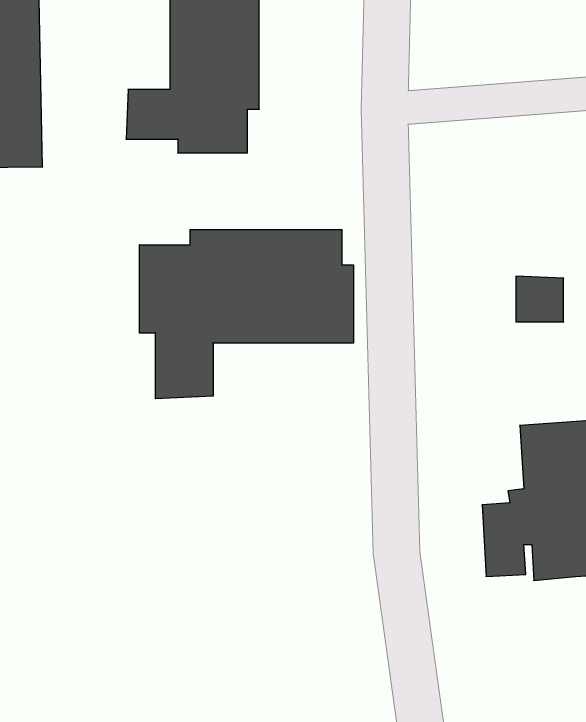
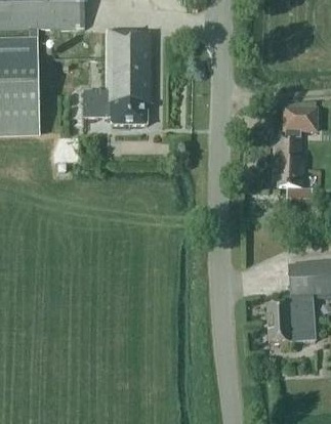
building: none -> [276,108,316,182]
building: [140,230,353,399] -> none

